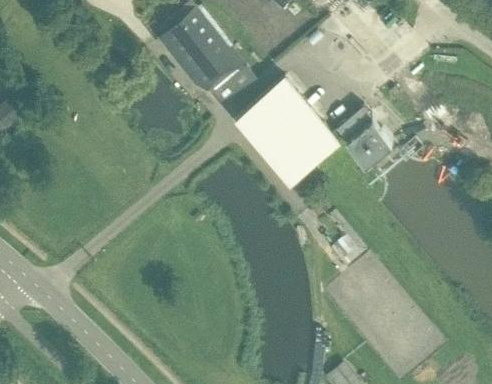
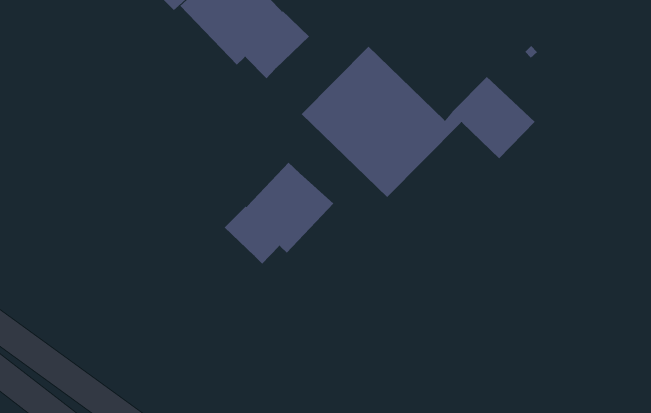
building: none -> [224,162,334,265]

